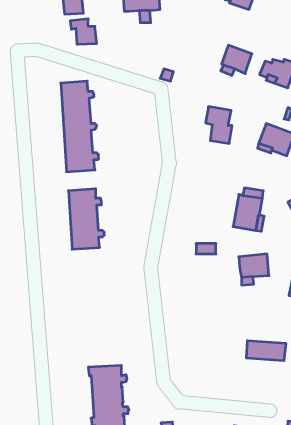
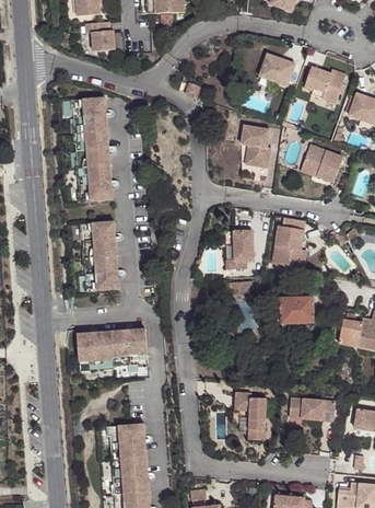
building: none -> [227,231,255,270]
building: none -> [79,325,148,372]
building: none -> [233,392,263,440]

